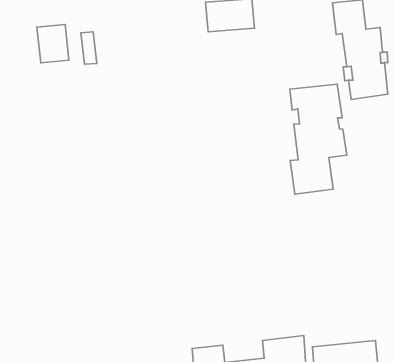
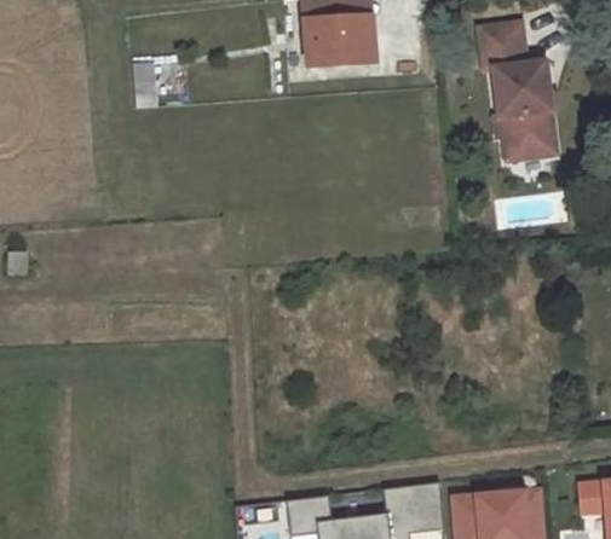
building: [37,24,69,63] -> none
building: [290,84,347,194] -> none

